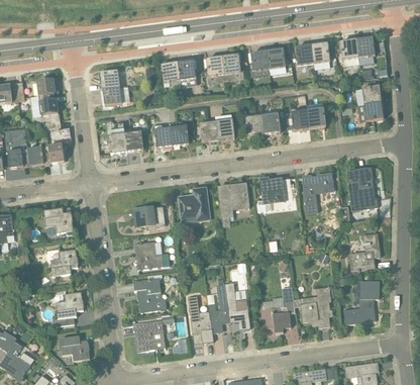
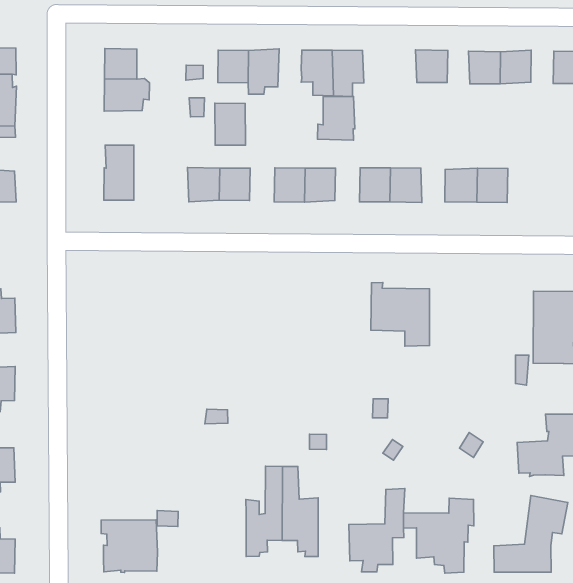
building: [249,52,270,77] -> [318,96,355,140]
building: [124,127,143,152] -> [215,103,245,145]
building: [302,173,334,203] -> none
building: [218,184,248,225] -> none
building: [179,189,210,221] -> none
building: [134,206,166,227] -> none
building: [133,243,170,270] -> none
building: [133,274,167,311] -> none
building: [188,295,214,344] -> none

